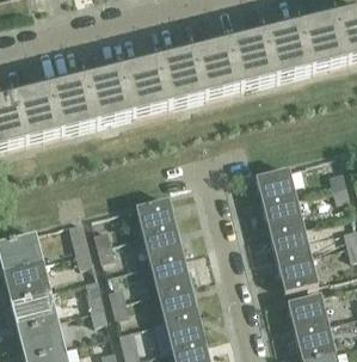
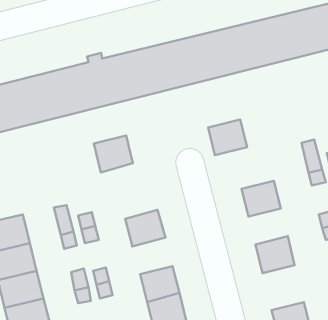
building: [256,167,296,204] -> [208,119,247,155]
building: [135,197,176,235] -> [94,135,133,172]
building: [270,225,310,262] -> none
building: [142,254,191,293] -> none
building: [287,293,327,330] -> none

